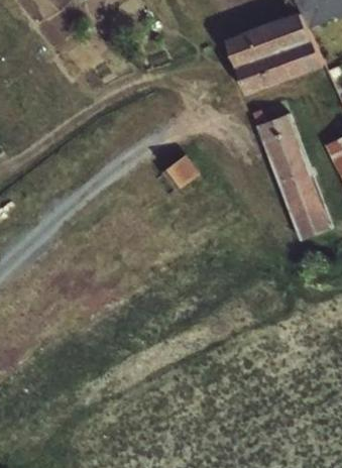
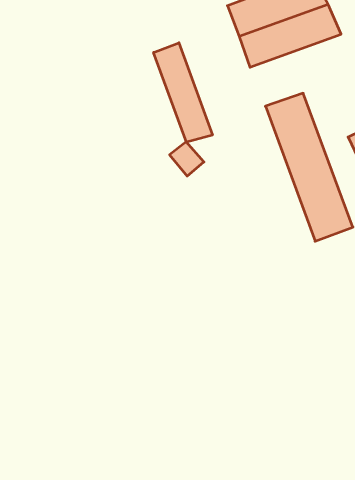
building: none -> [154,43,212,142]

